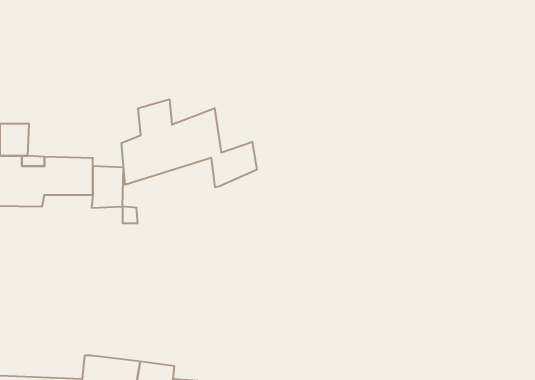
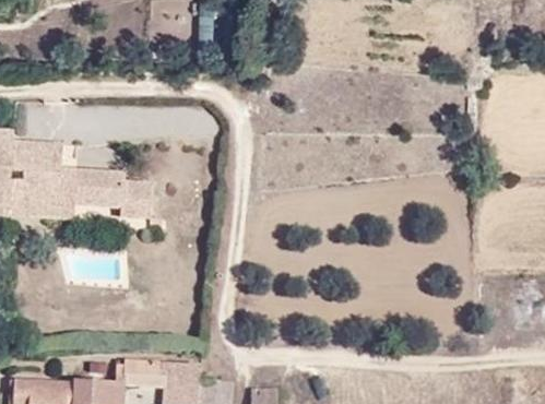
building: [121,99,257,187] -> none

